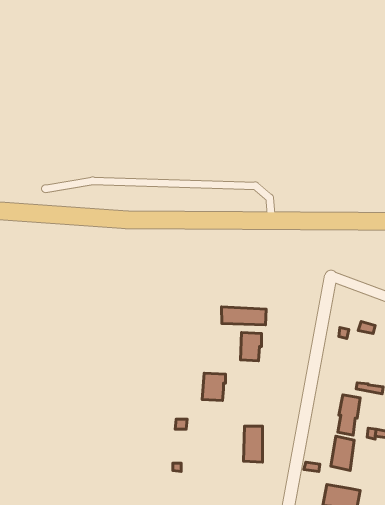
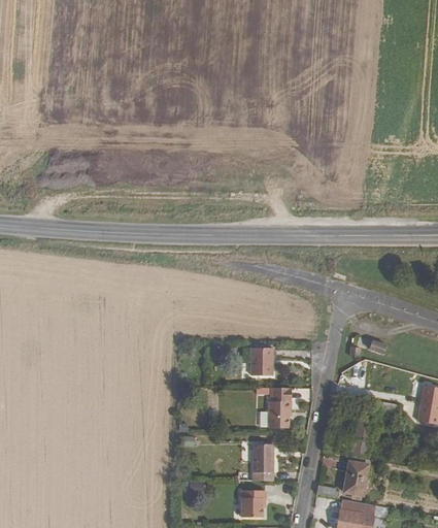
building: [222,307,266,325] -> none
building: [202,373,225,400] -> [269,402,293,430]
building: none -> [242,490,266,517]

